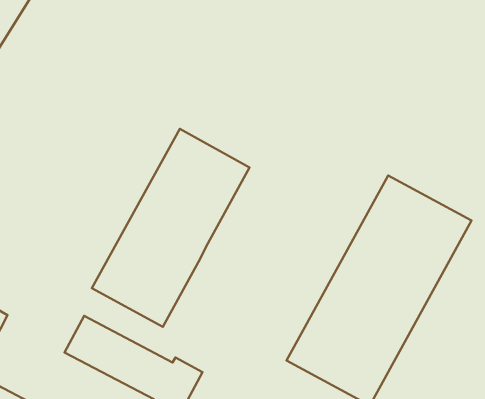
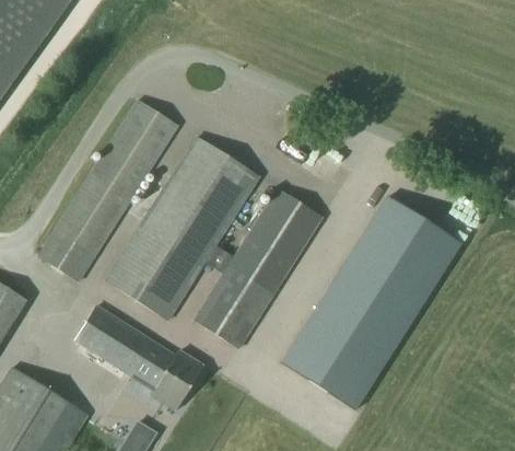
building: none -> [38,100,178,281]
building: none -> [195,190,321,349]

